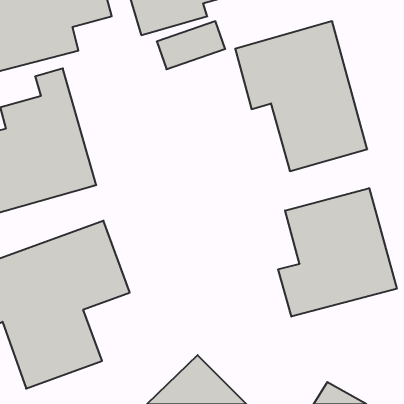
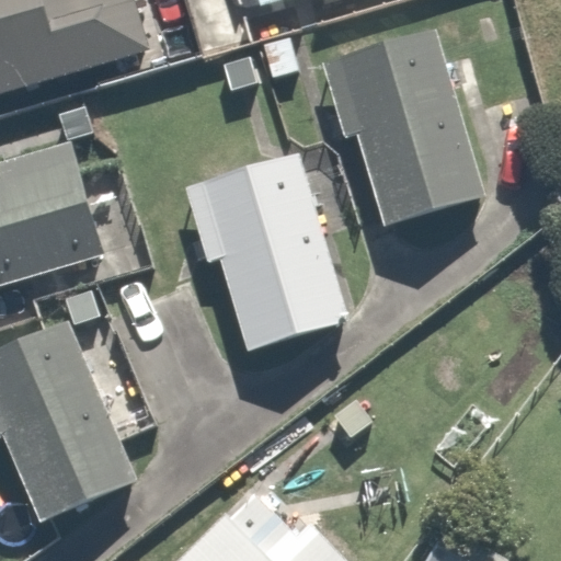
building: none -> [181,151,335,351]
building: [278,188,397,317] -> none

